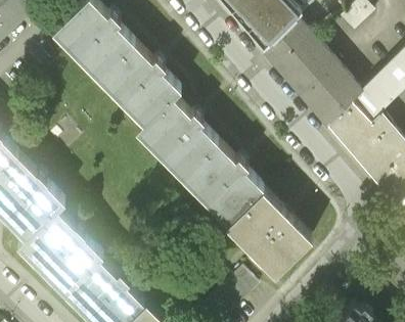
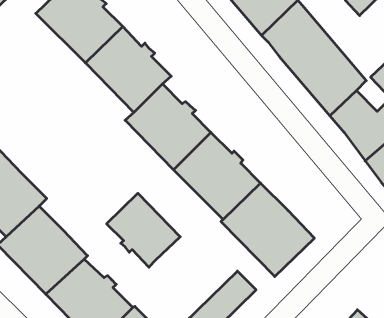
building: none -> [107,193,180,267]

